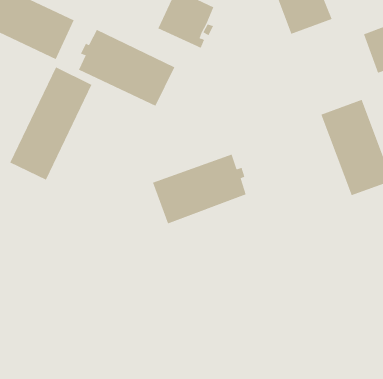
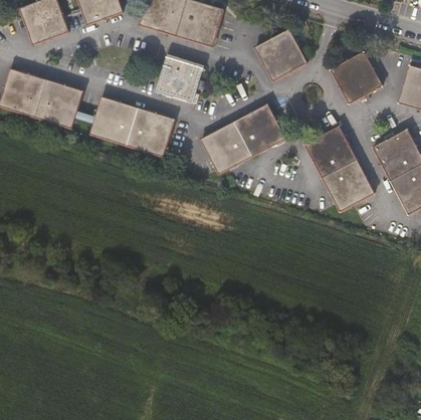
building: [10,67,92,181] -> none
building: [152,154,246,224] -> [203,103,285,172]

